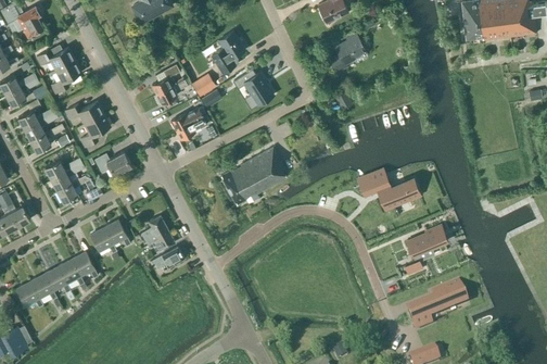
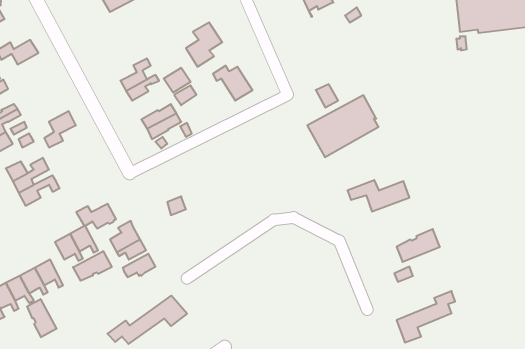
building: [329,34,366,72] -> none
building: [51,60,81,93] -> none
building: [65,102,103,124] -> none
building: [220,148,287,205] -> [307,95,379,157]
building: [94,152,131,175] -> [76,204,116,228]
building: none -> [73,251,112,281]
building: none -> [107,296,187,344]
building: none -> [27,299,56,337]

